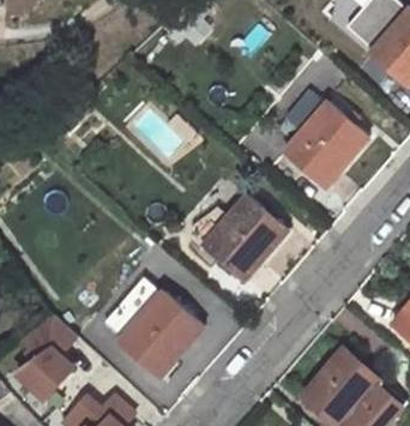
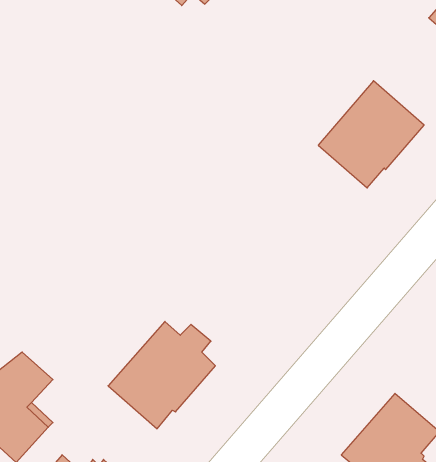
building: [200,196,285,280] -> none

